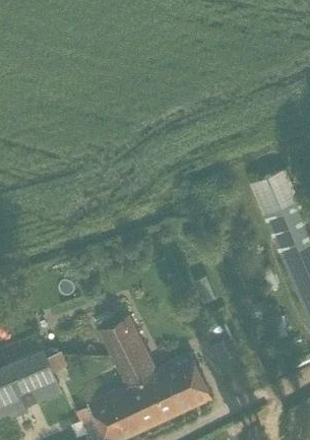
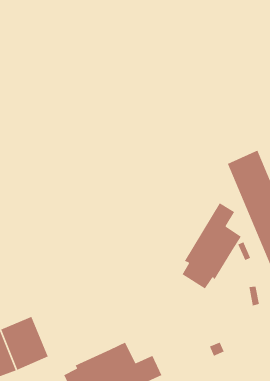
building: none -> [181,202,242,290]
building: [97,316,211,414] -> none

